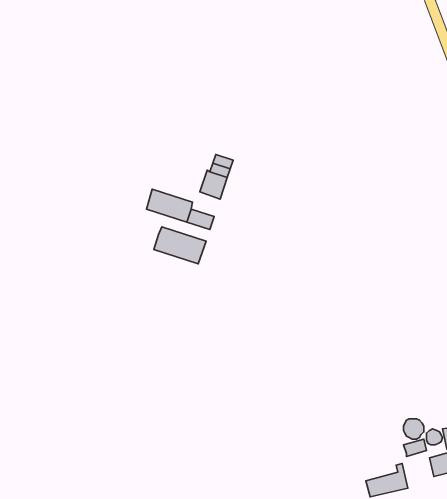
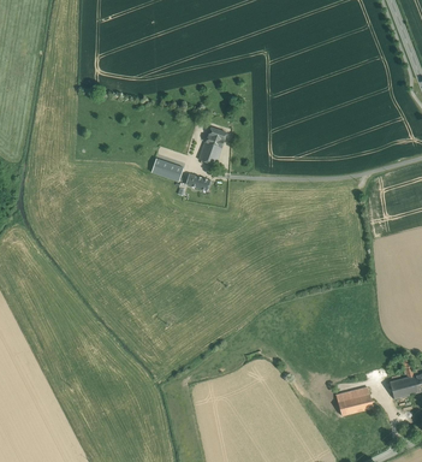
building: [154,227,206,264] -> none

